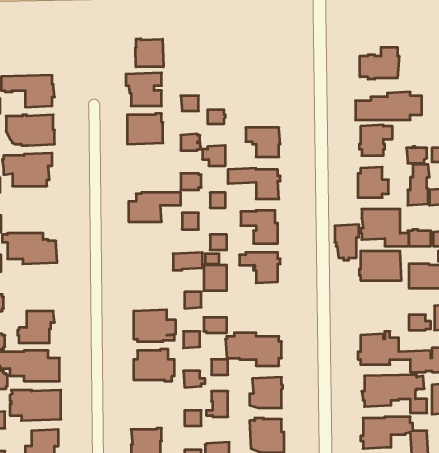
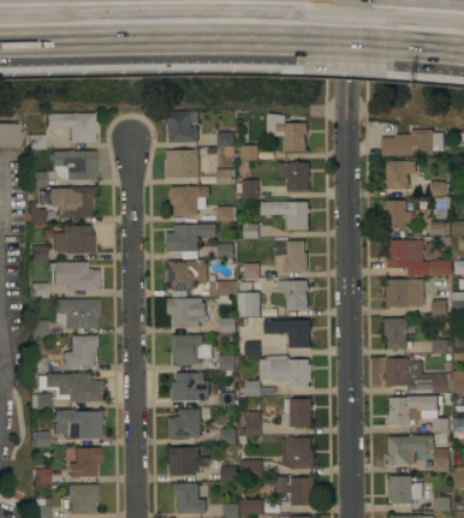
building: [135,39,163,67] -> none
building: [360,47,399,79] -> none
building: none -> [267,112,308,150]
building: none -> [171,185,209,215]
building: none -> [53,225,95,254]
building: [335,225,359,260] -> [385,317,408,351]
building: none -> [167,258,208,290]
building: none -> [168,298,207,327]
building: none -> [54,299,100,329]
building: none -> [264,320,311,347]
building: none -> [168,407,212,437]

